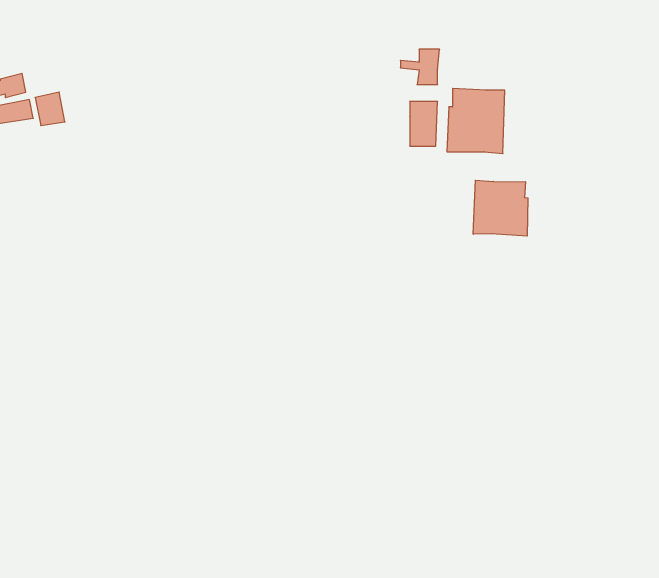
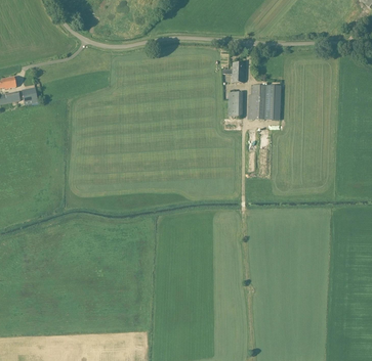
building: [473,180,528,236] -> none

